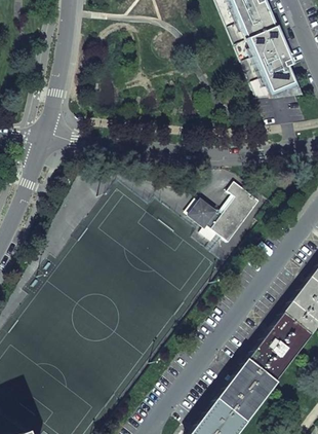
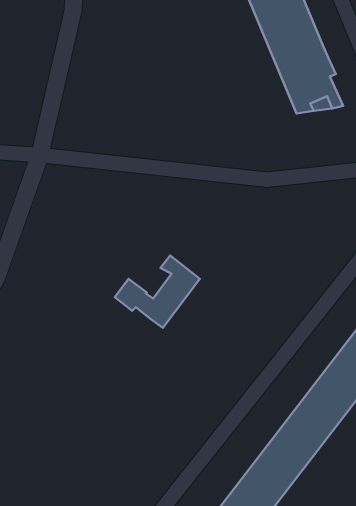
building: [192,180,263,241] -> [115,255,200,328]

